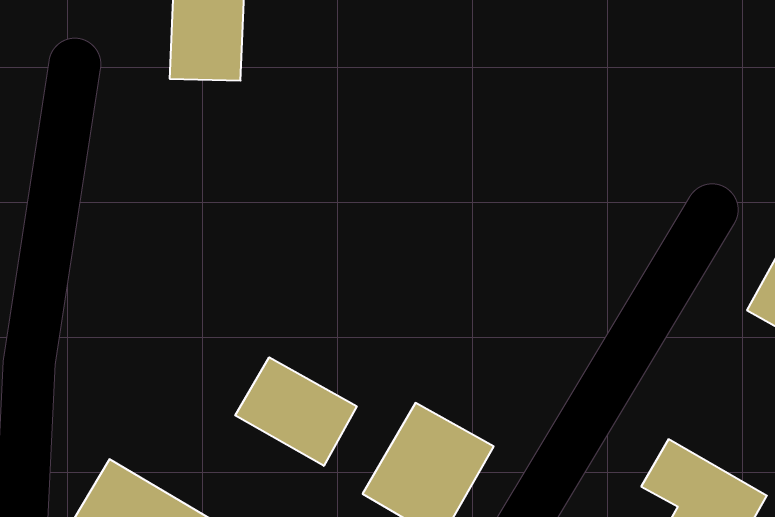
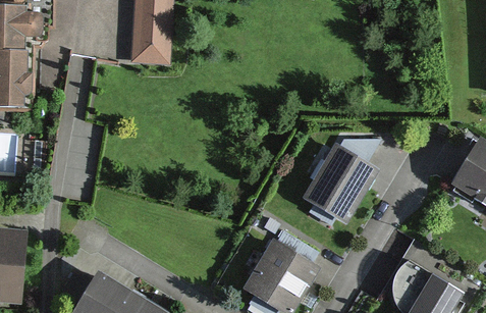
building: none -> [304,147,376,222]
building: [235,357,357,466] -> none

